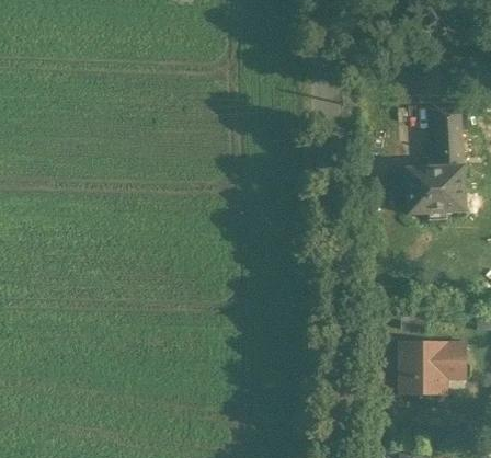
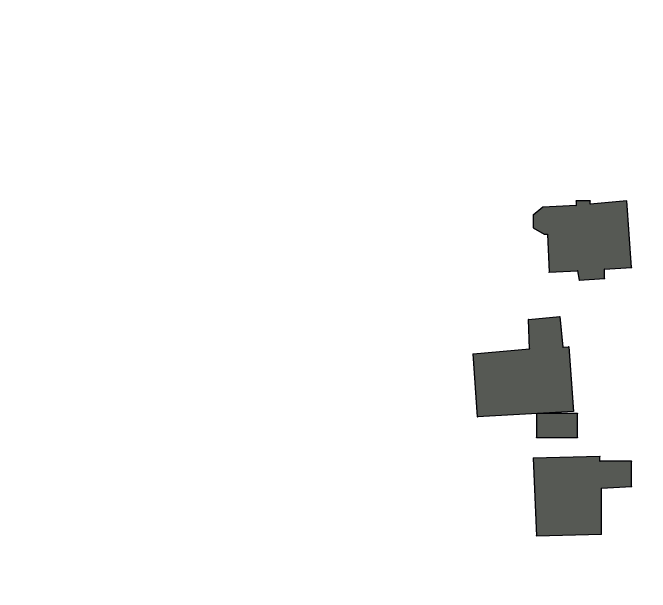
building: [434,105,464,168] -> none
building: none -> [473,317,573,417]

